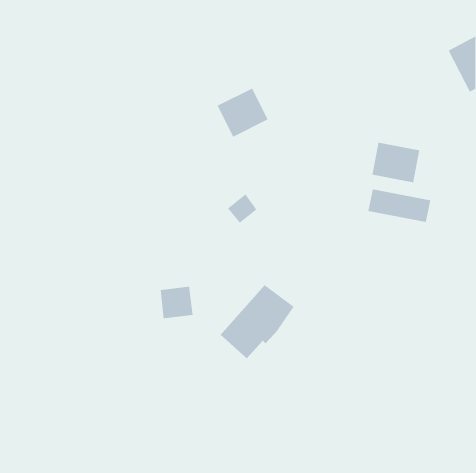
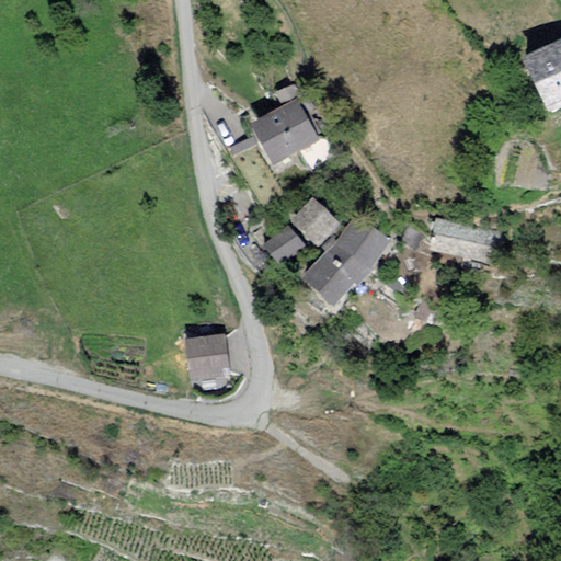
building: [372,142,420,183] -> none
building: none -> [294,199,336,242]
building: [220,284,294,359] -> [304,216,391,304]

